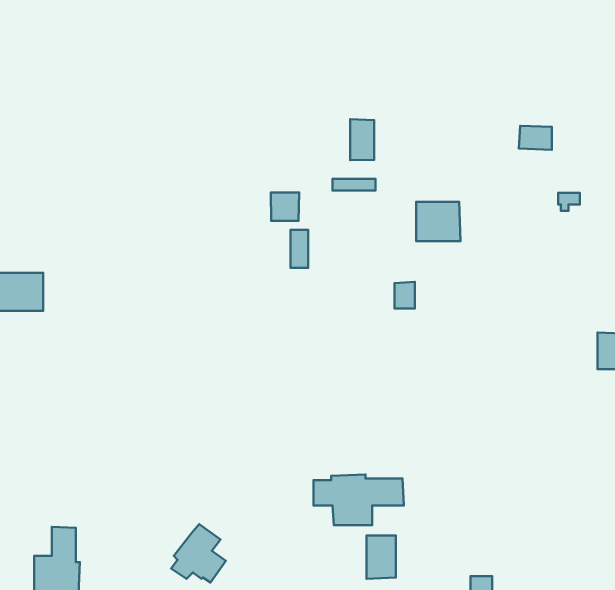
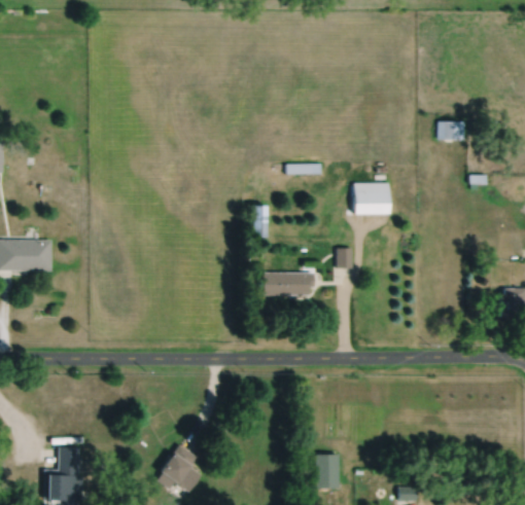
building: [350,119,374,160] -> none
building: [271,192,299,221] -> none
building: none -> [264,273,314,295]
building: [313,474,404,525] -> none

